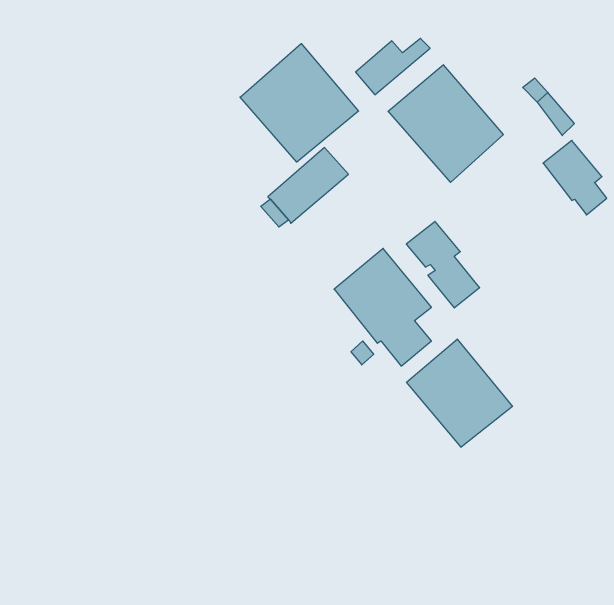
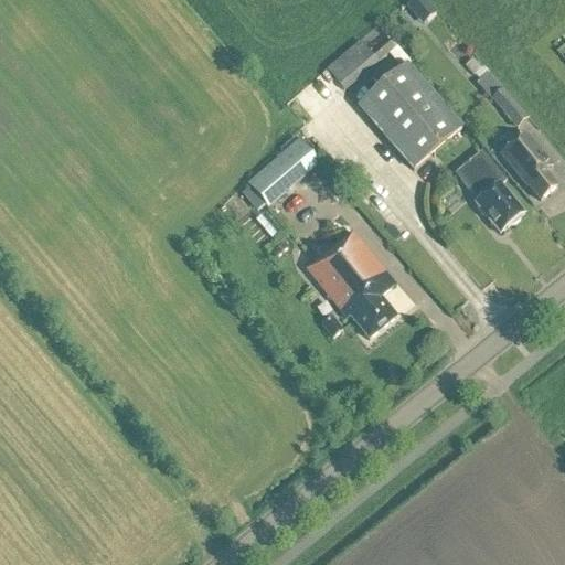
building: [240,44,359,162] -> none
building: [406,221,480,308] -> [456,149,523,228]
building: [407,339,512,447] -> none

